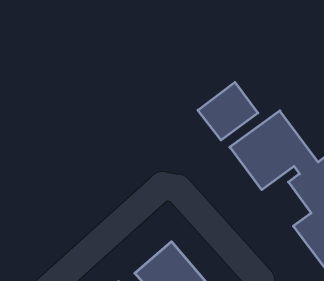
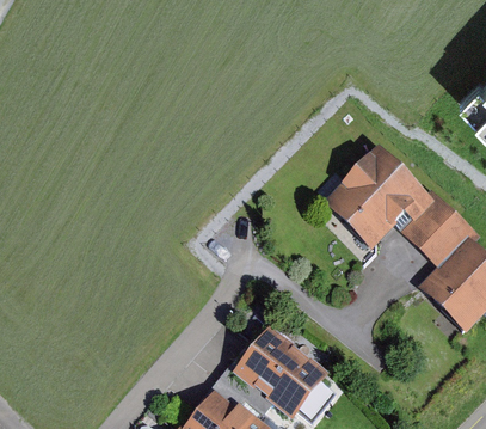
building: [198,82,258,140] -> none

